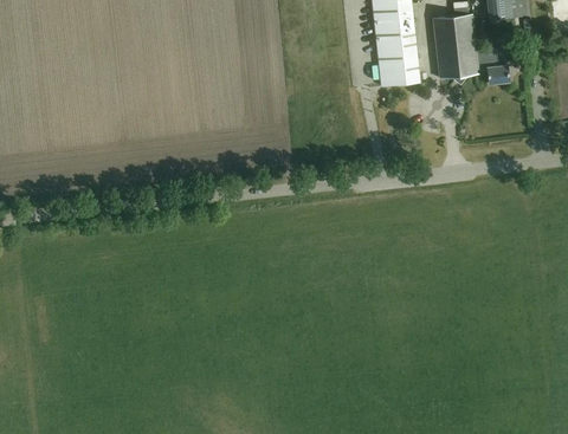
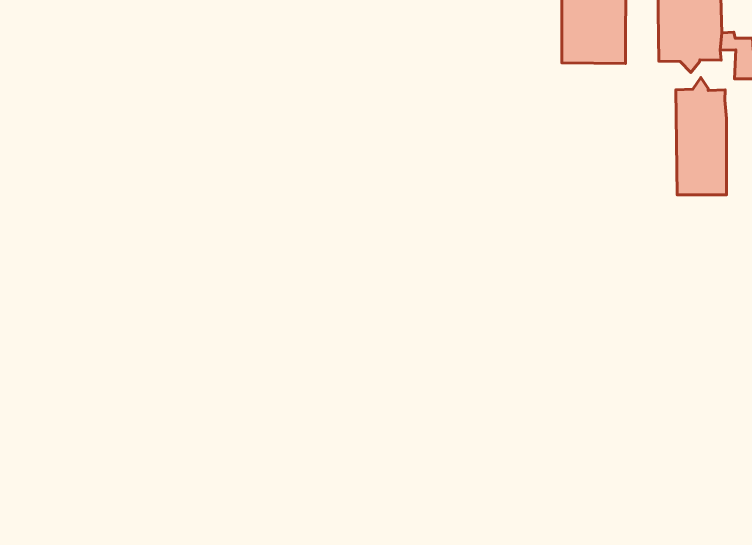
building: none -> [676,77,727,195]

